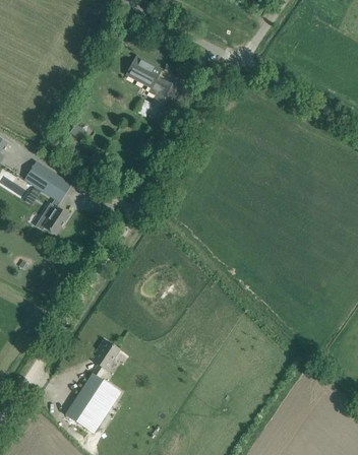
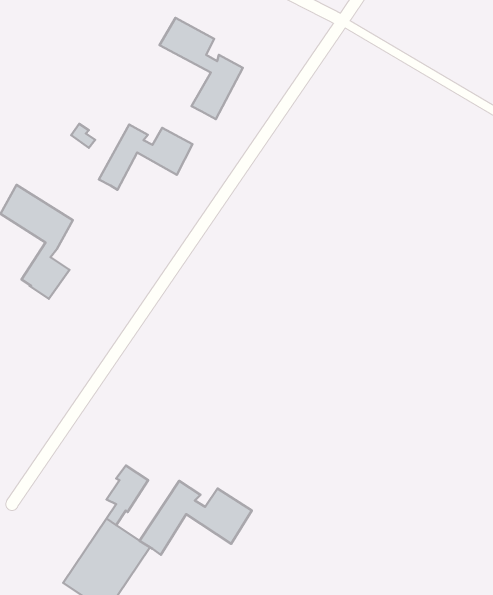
building: none -> [99,124,192,190]
building: none -> [140,481,252,555]

